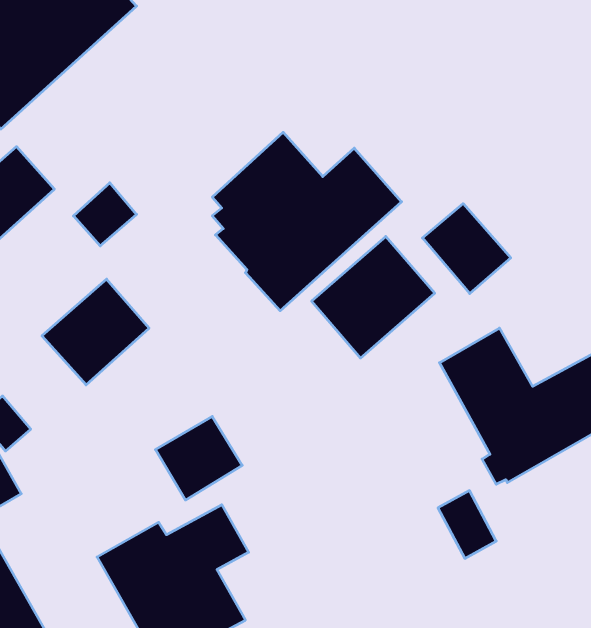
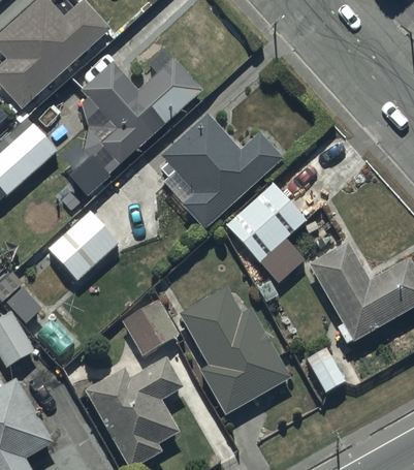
building: none -> [81,51,203,145]
building: [422,204,511,294] -> none
building: none -> [179,286,291,415]

